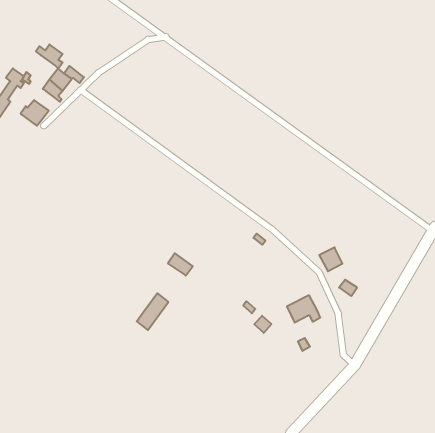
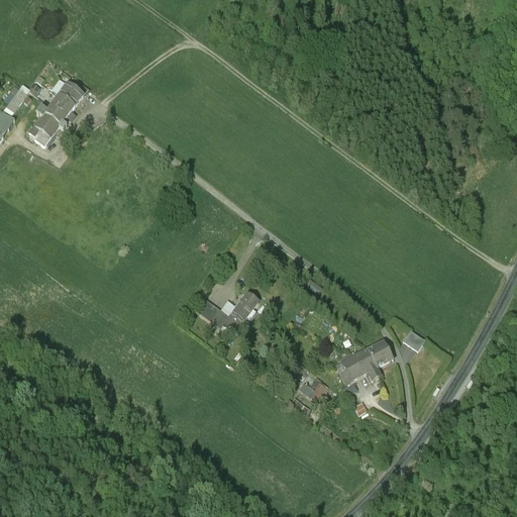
building: [36,44,63,68] -> [34,105,66,133]
building: [319,247,342,271] -> [365,339,392,368]
building: [137,293,168,330] -> [219,292,256,335]

